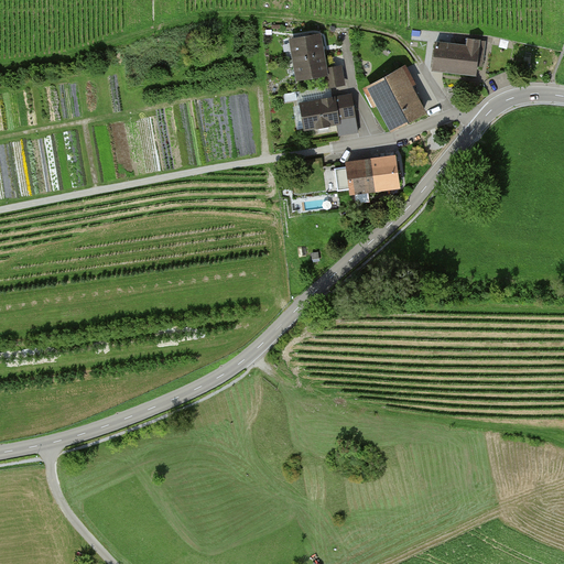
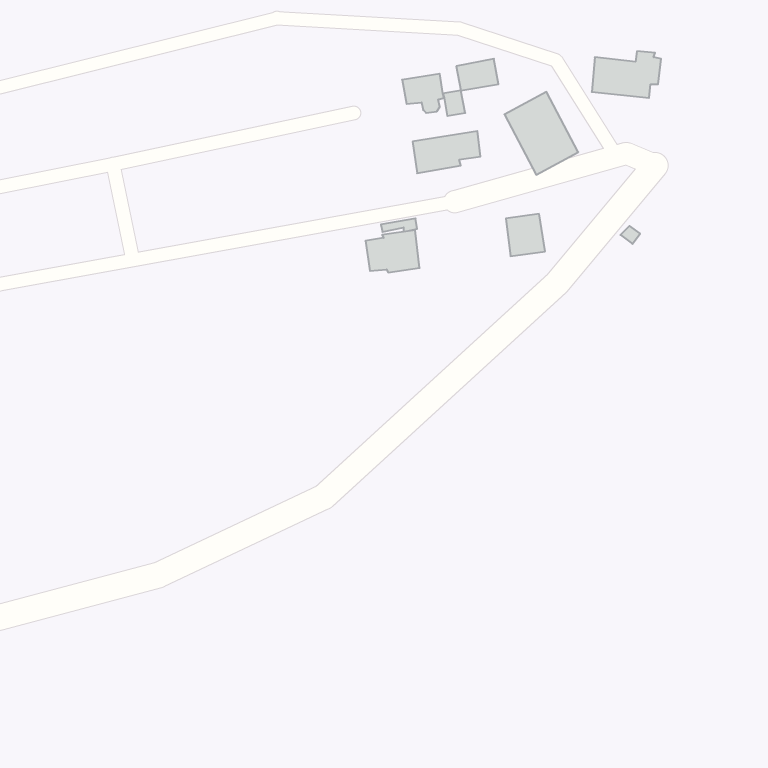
building: [291,35,322,58] -> [456,59,498,90]
building: [334,160,373,191] -> [365,230,420,272]

